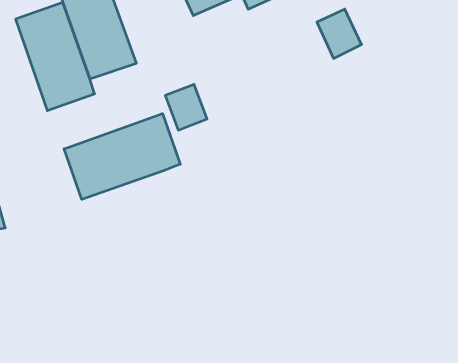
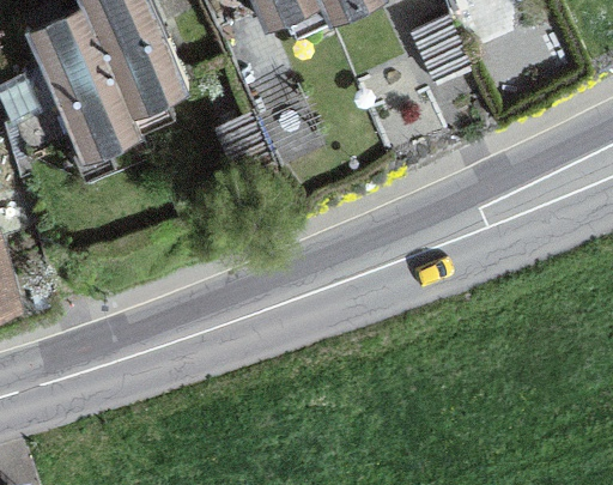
building: [64,114,180,199] -> none

